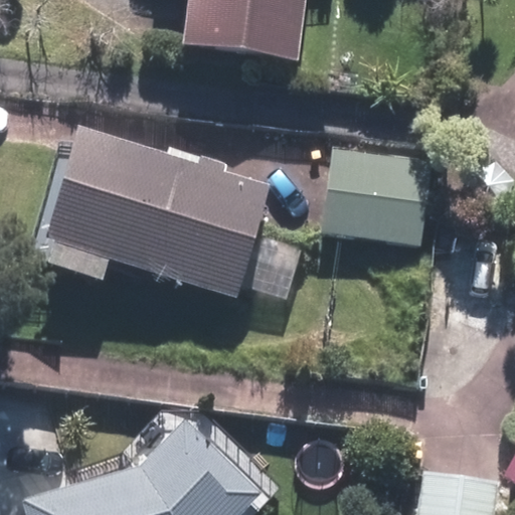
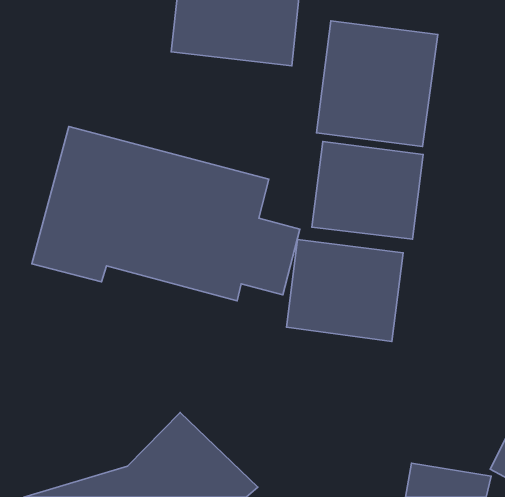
building: none -> [317,21,438,146]
building: none -> [287,239,403,342]

